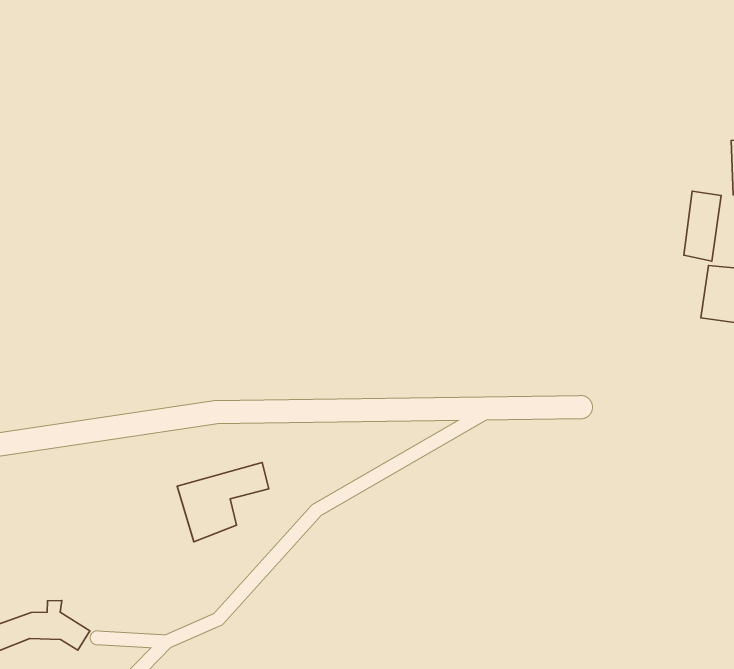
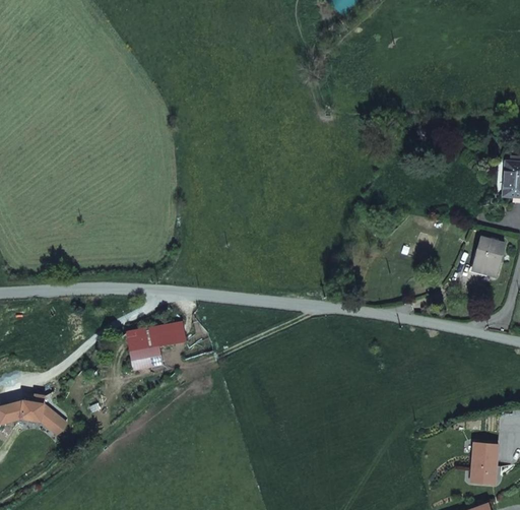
building: [684,191,721,261] -> none

